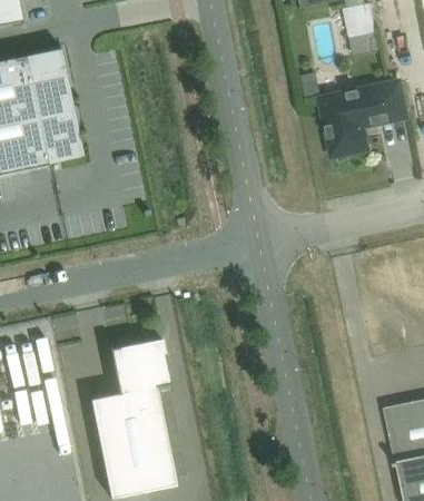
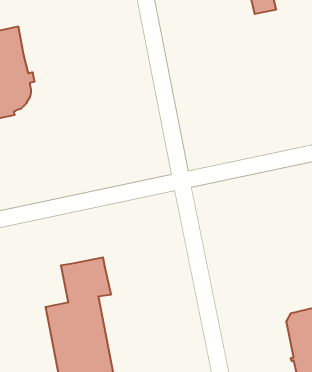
building: [321,81,407,156] -> none

